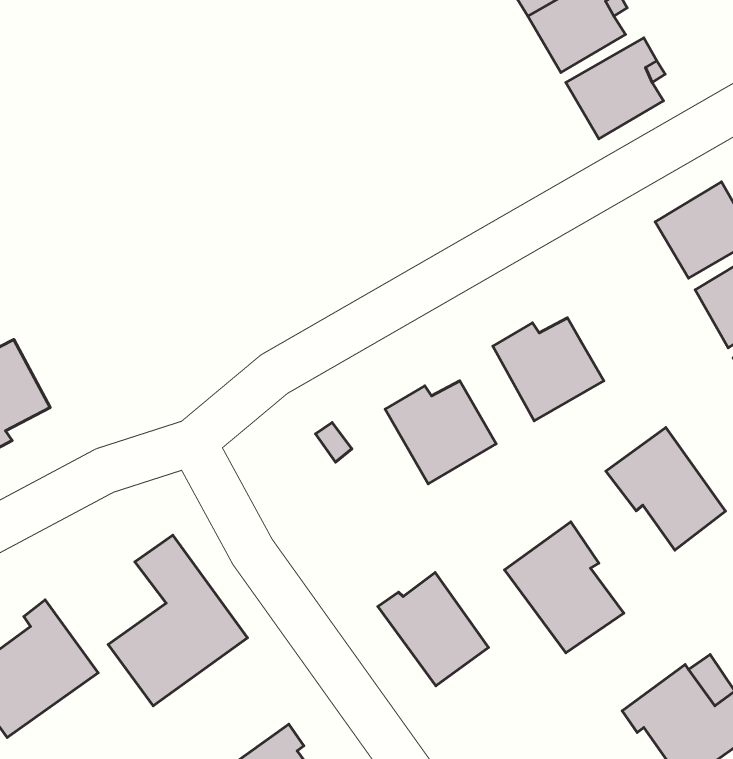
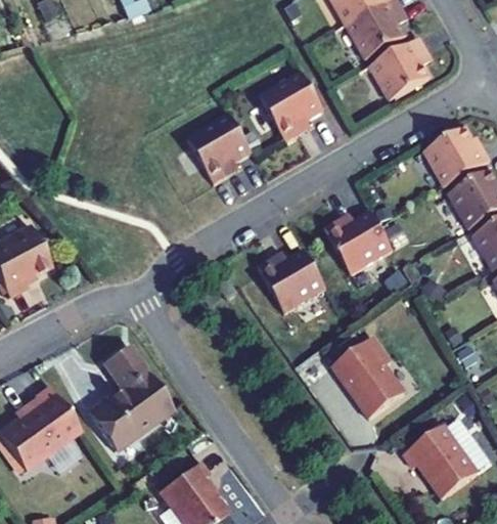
building: none -> [259,72,324,142]
building: none -> [187,114,252,184]
building: [606,428,725,550] -> none
building: [378,573,489,686] -> none

